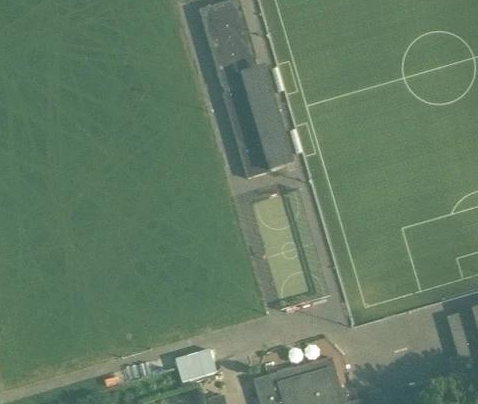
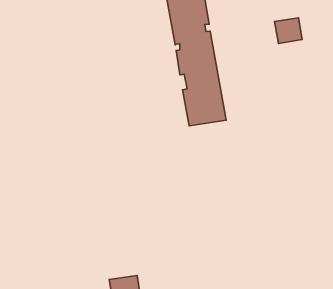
building: none -> [275,18,302,43]

